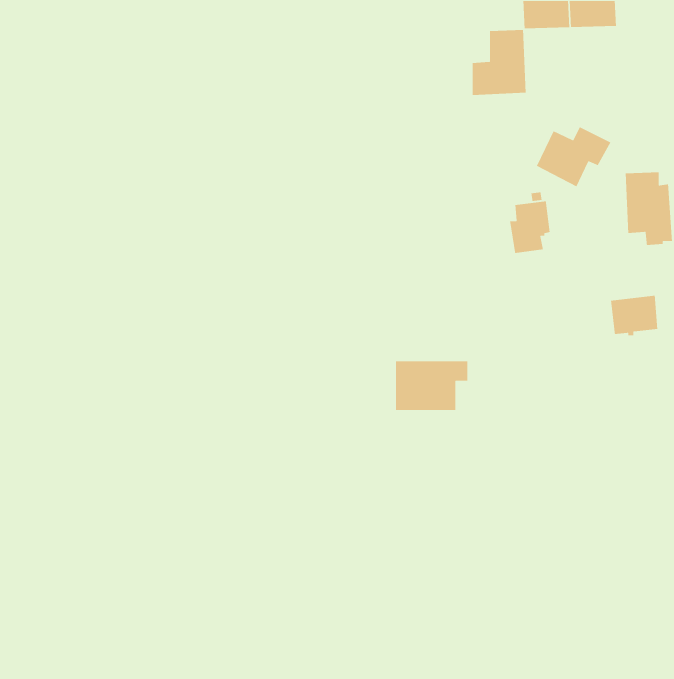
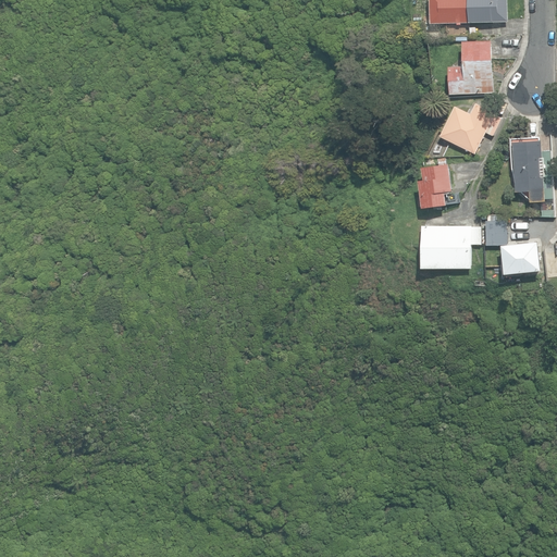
building: [472,29,526,96] -> [447,40,492,95]
building: none -> [483,220,505,245]
building: [395,360,468,411] -> [419,226,479,268]

